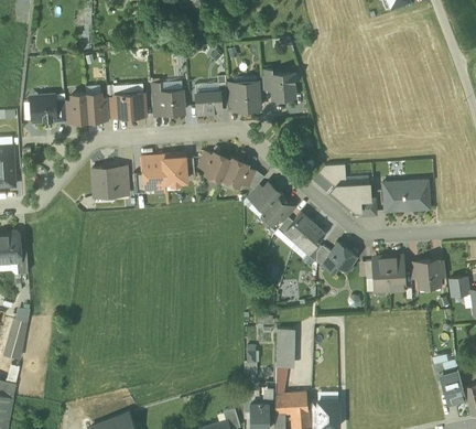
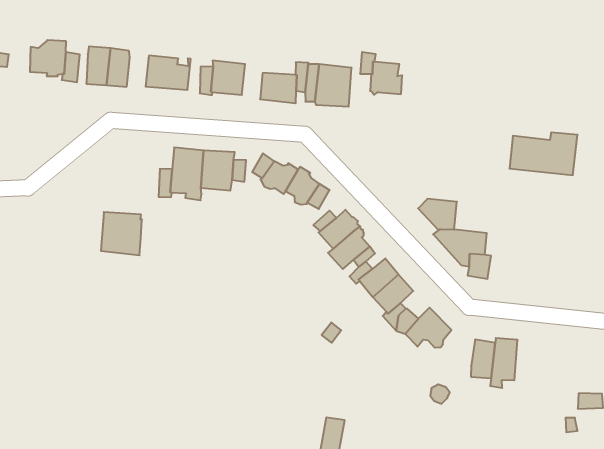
building: [91,165,121,195] -> [101,212,142,255]
building: [382,180,429,211] -> [509,132,578,175]
building: [416,260,439,287] -> none

